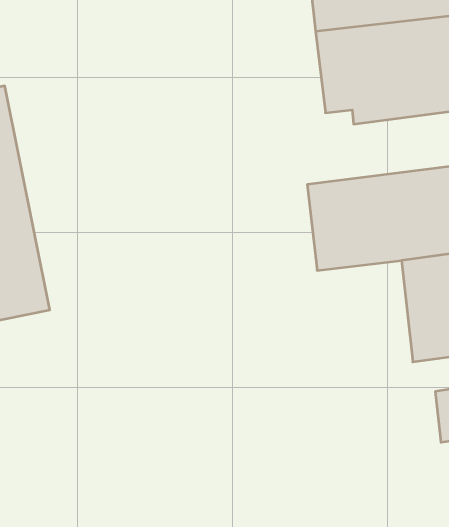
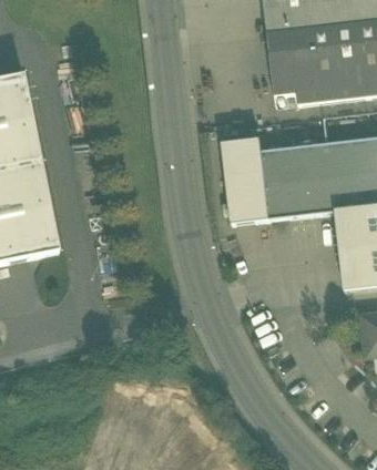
building: none -> [223,137,269,223]

